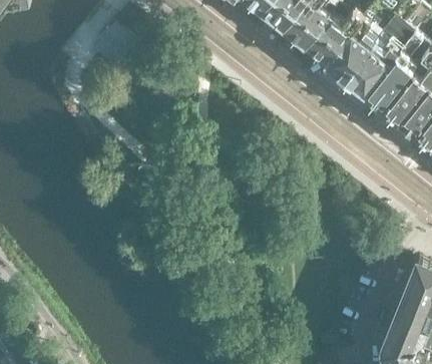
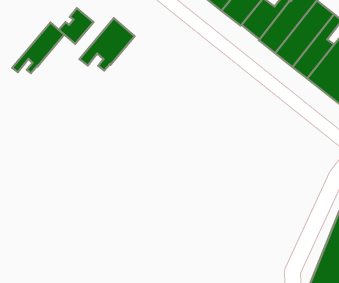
building: none -> [79,18,134,71]
building: none -> [12,22,64,73]

